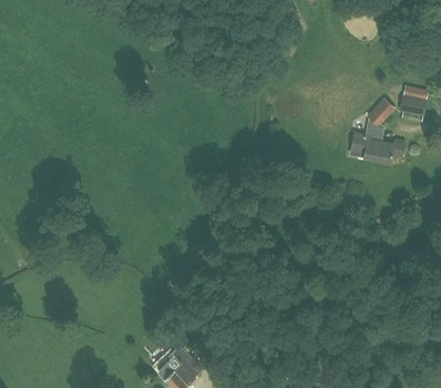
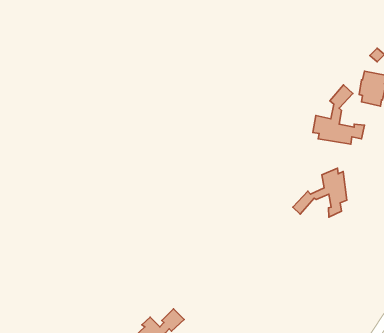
building: none -> [293,168,347,217]

